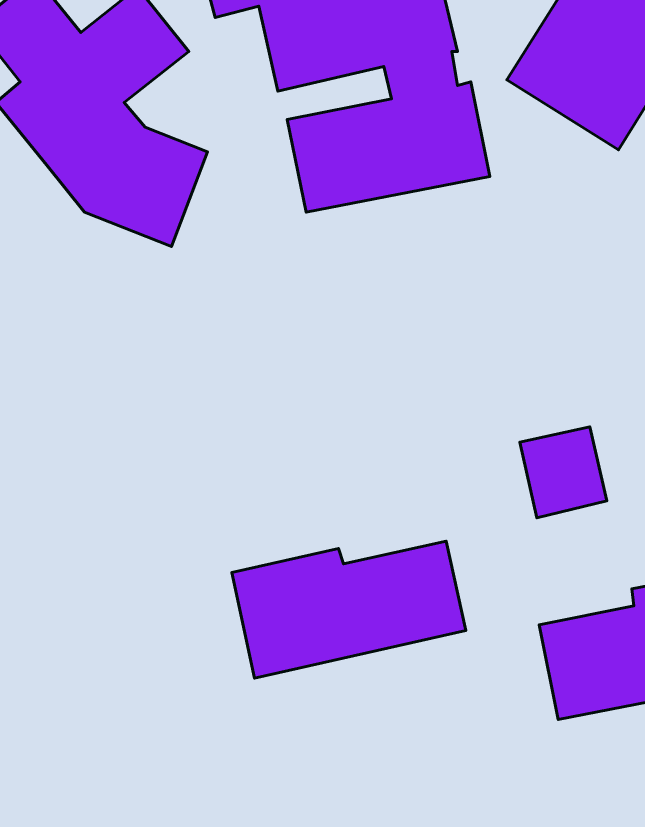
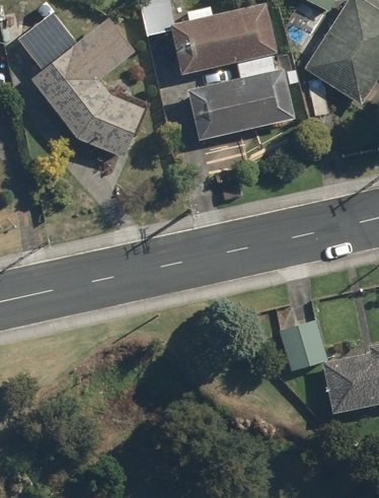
building: [520,427,607,518] -> [280,319,326,368]
building: [232,541,466,678] -> none

